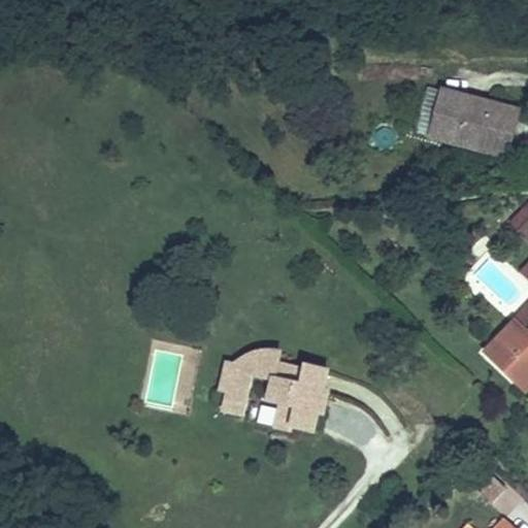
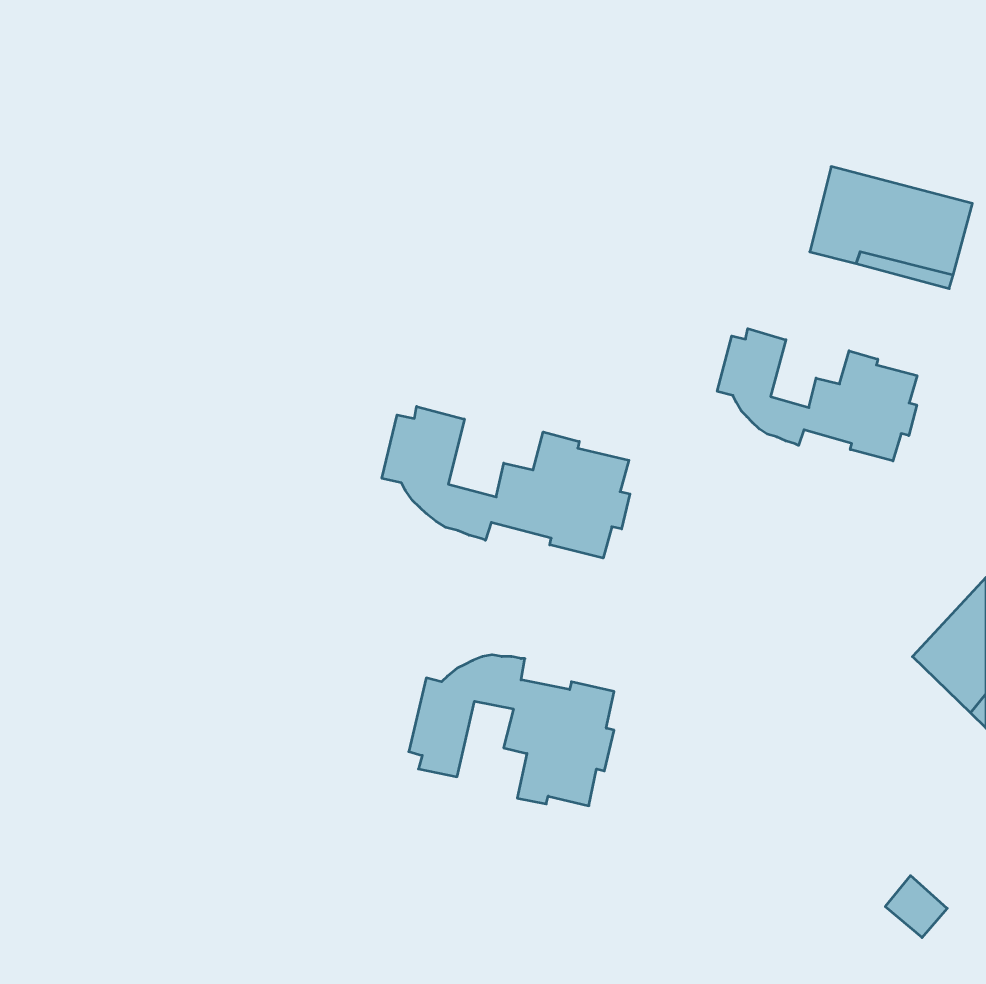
building: none -> [717,329,917,461]
building: none -> [382,406,630,558]

